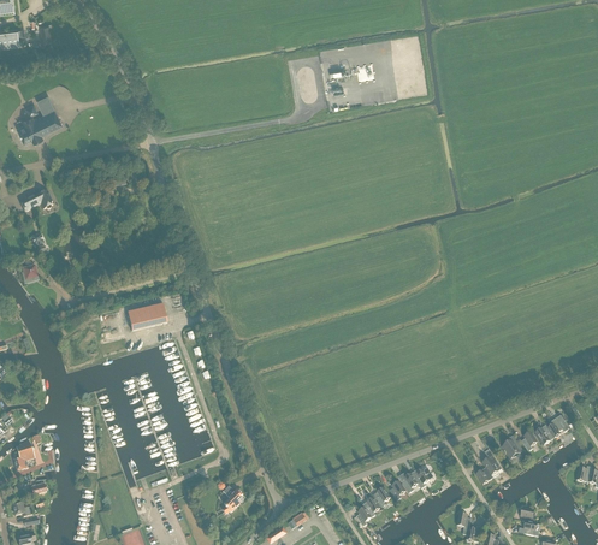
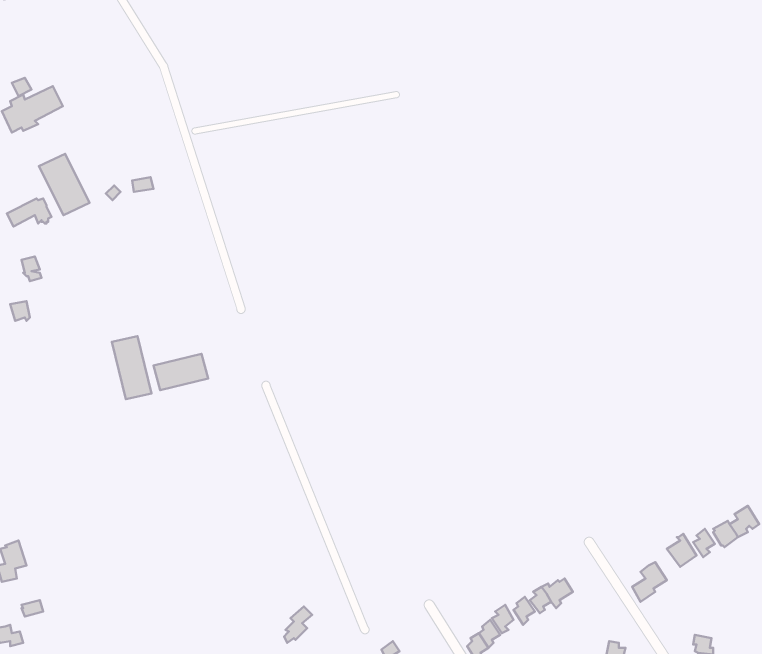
building: none -> [39,154,90,215]
building: none -> [112,336,151,399]

